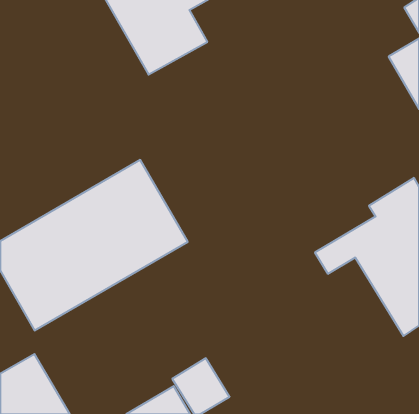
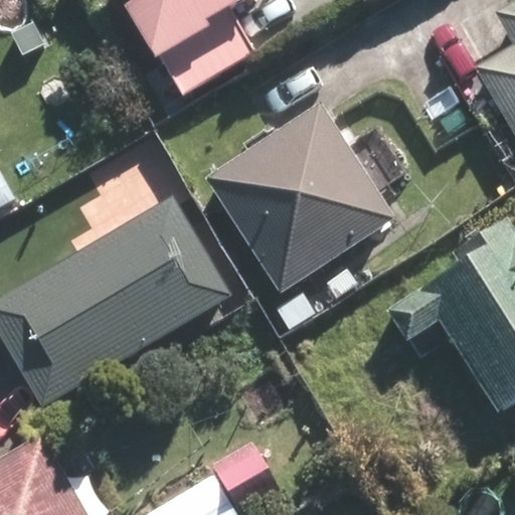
building: none -> [201,104,394,295]

